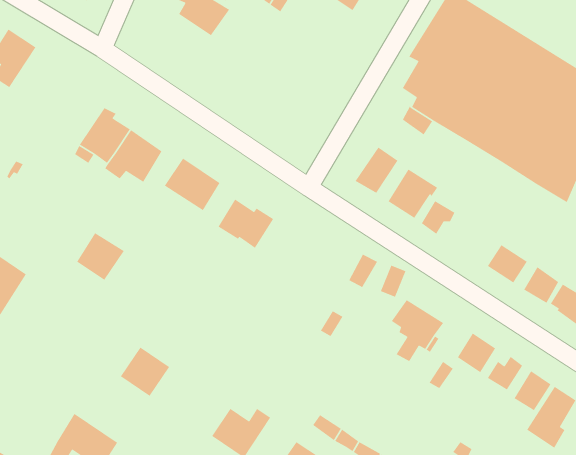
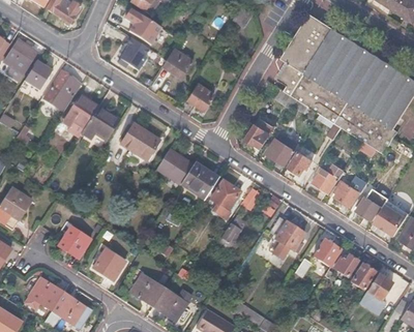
building: none -> [118,37,149,72]
building: none -> [162,49,194,80]
building: none -> [25,60,53,90]
building: none -> [45,70,82,111]
building: none -> [187,85,214,112]
building: none -> [181,162,218,199]
building: none -> [314,164,346,192]
building: [76,232,125,281] -> [59,227,91,259]
building: none -> [210,180,240,220]
building: none -> [130,274,165,307]
building: none -> [25,278,62,310]

